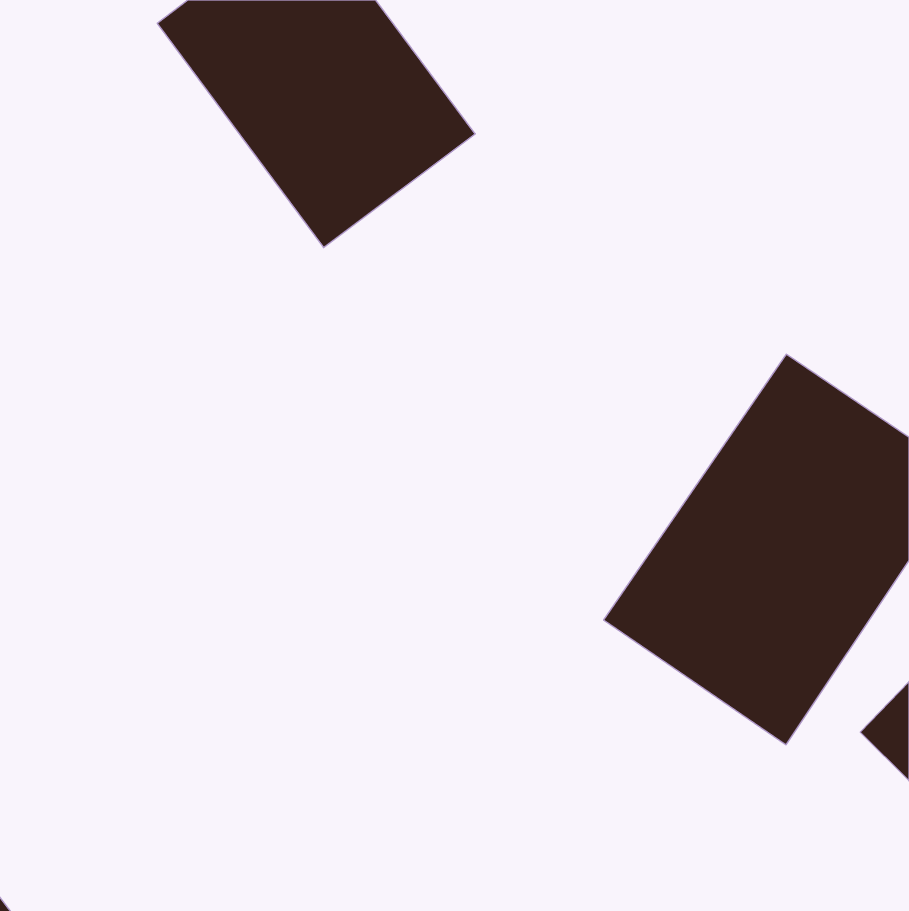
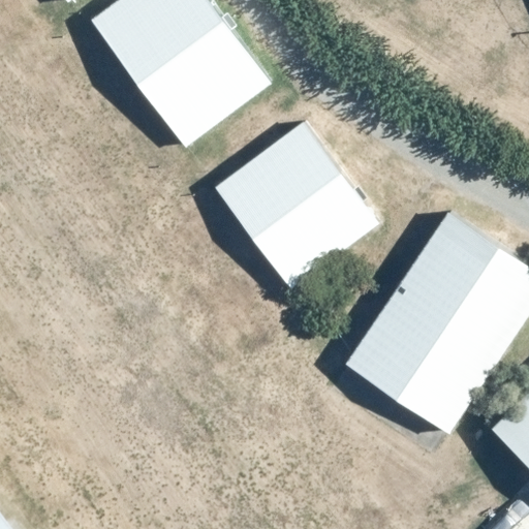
building: none -> [214,121,380,289]

